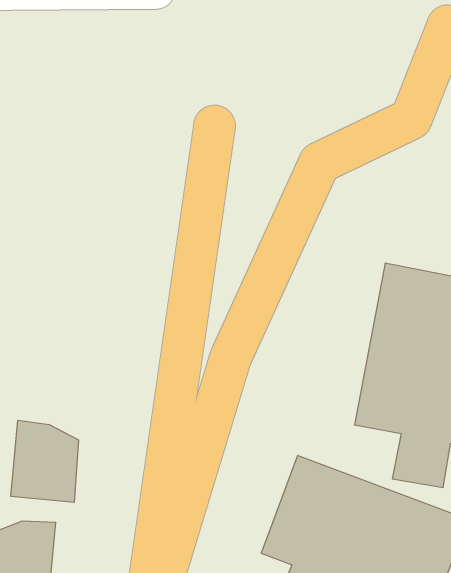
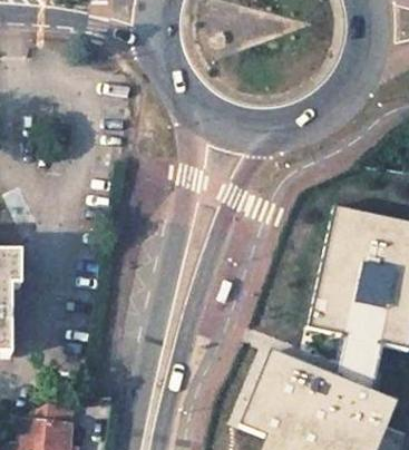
building: [11,420,78,502] -> none

